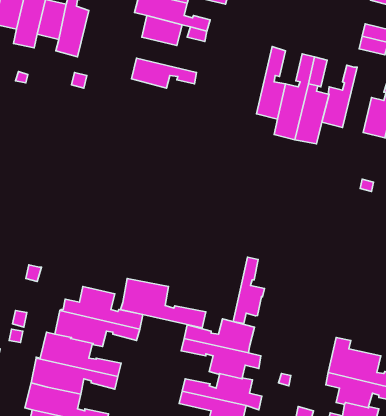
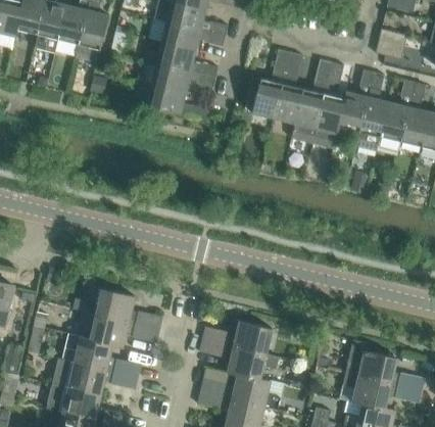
building: none -> [144,42,219,77]
building: none -> [253,49,290,117]
building: none -> [356,72,388,150]
building: none -> [146,83,208,118]
building: [233,257,265,324] -> none
building: [121,279,206,328] -> none

